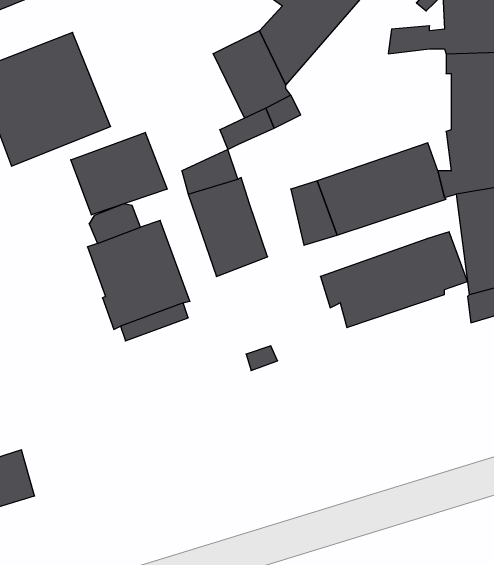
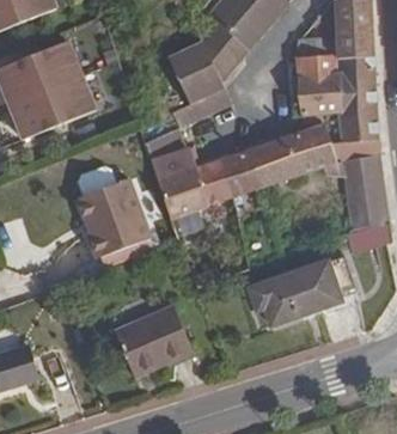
building: none -> [294,54,340,117]
building: [71,132,167,215] -> none
building: none -> [194,155,233,204]
building: [320,232,467,328] -> [250,256,356,325]
building: none -> [114,306,193,377]

